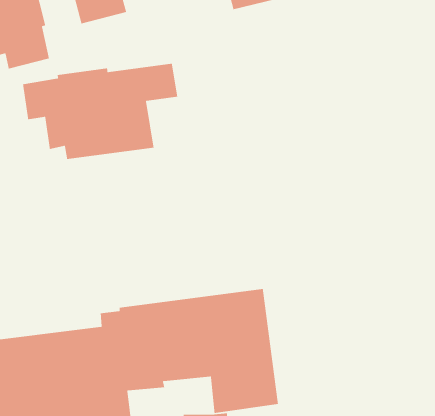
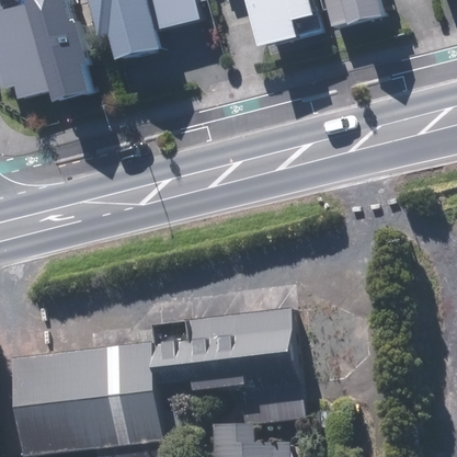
building: [22,63,178,160] -> none

